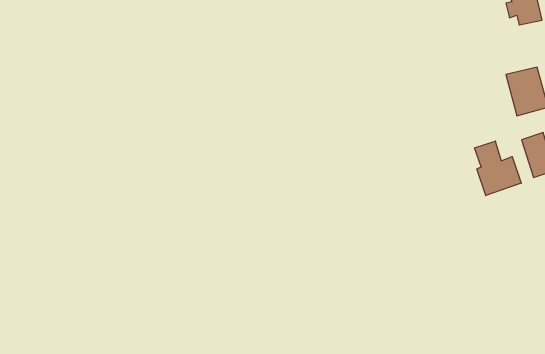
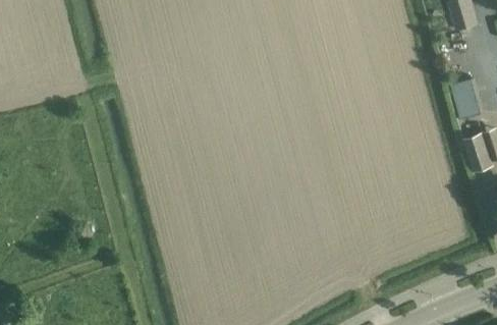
building: [474,141,521,196] -> none

